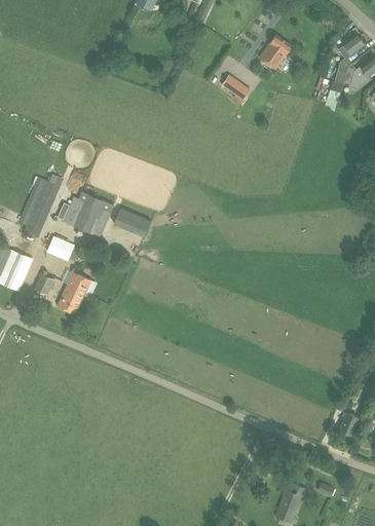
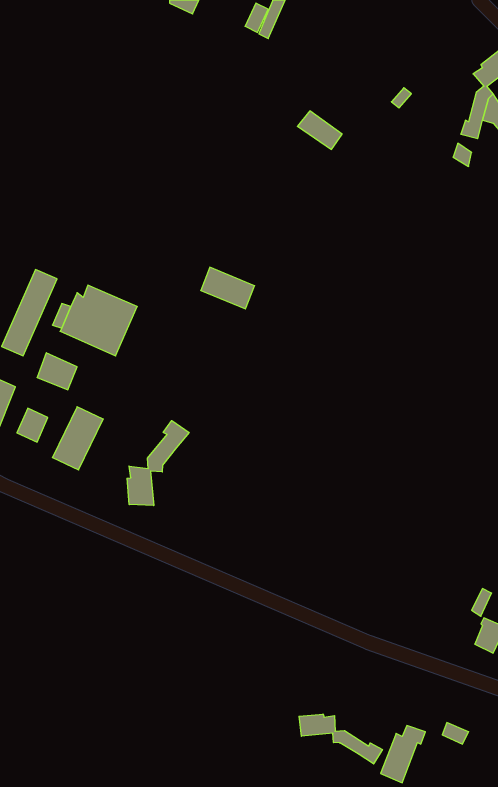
building: [259,35,291,69] -> none
building: [113,208,149,235] -> [201,267,255,309]
building: none -> [127,421,189,506]
building: none -> [299,714,382,764]

